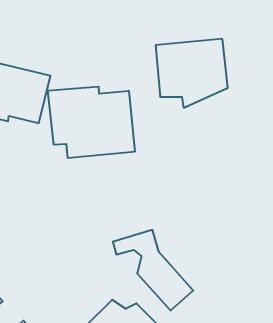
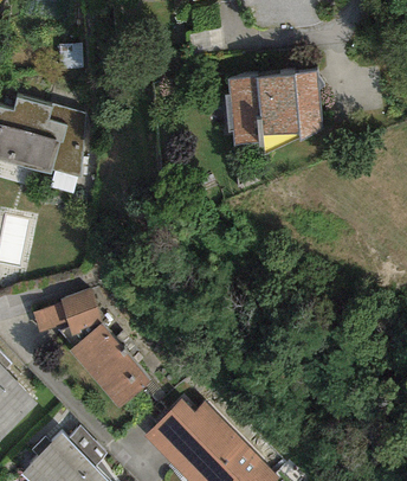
building: [48,87,135,158] -> none
building: [113,230,193,311] -> [41,299,147,404]

